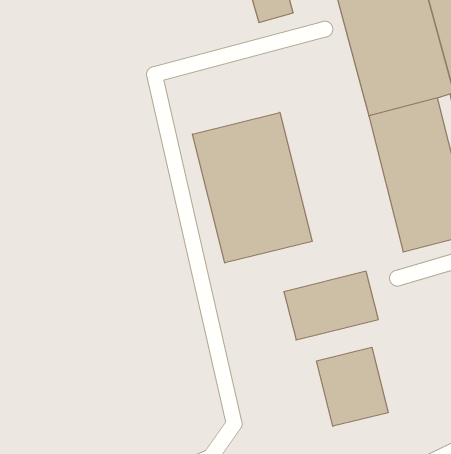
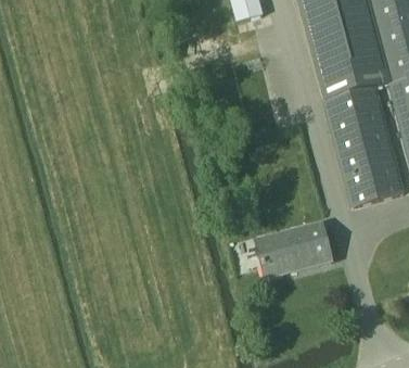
building: [192,112,312,263] -> none
building: [317,347,388,426] -> none

